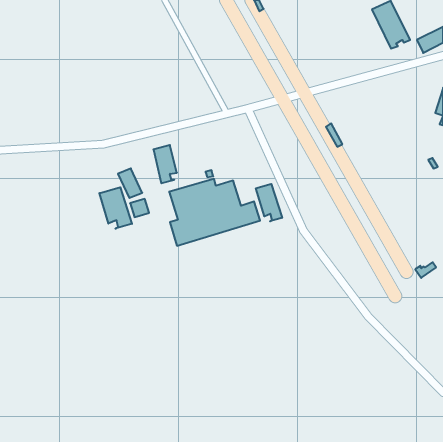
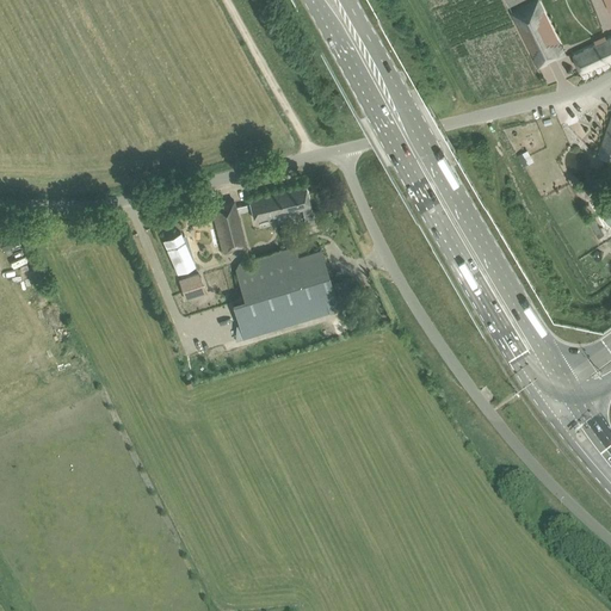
building: none -> [249,185,310,226]
building: [256,184,282,221] -> none
building: [99,187,132,229] -> none

